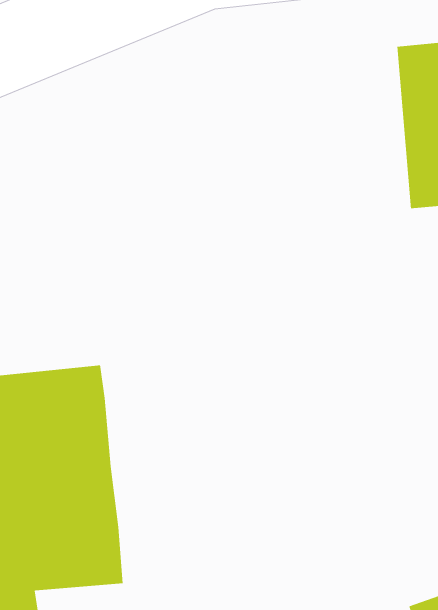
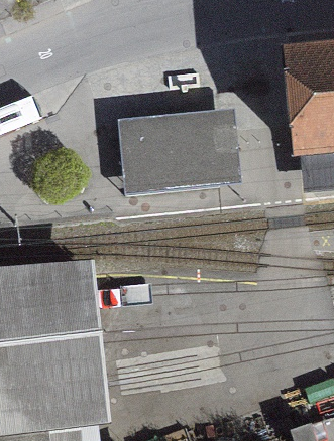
building: none -> [126,107,245,186]

